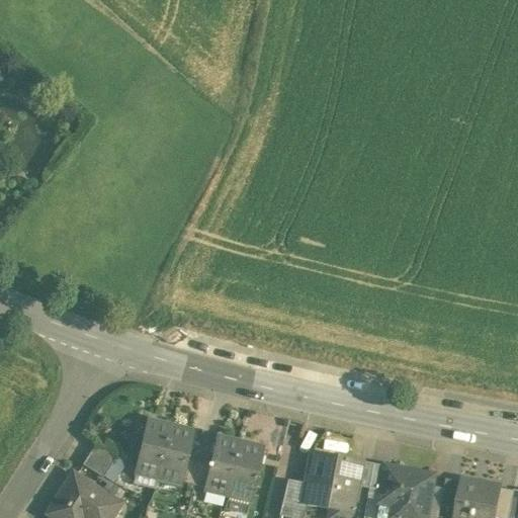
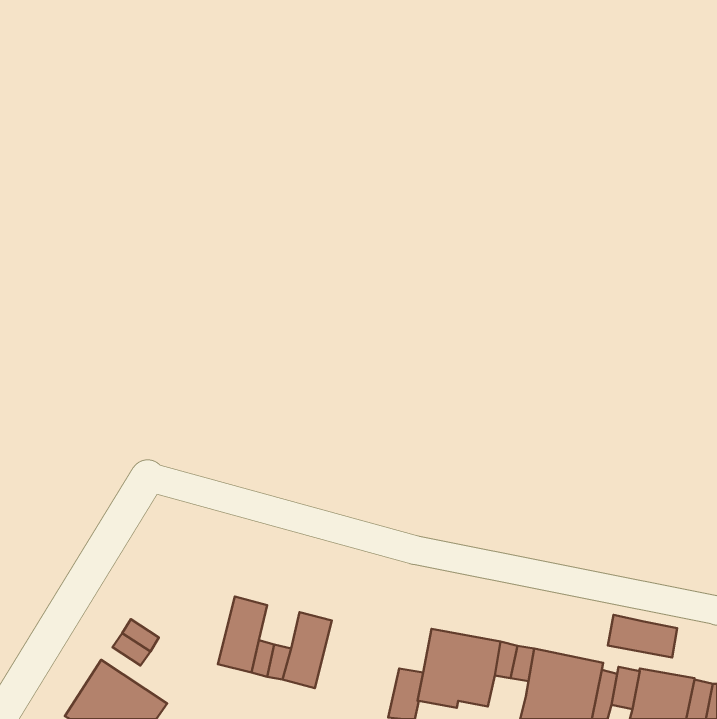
building: [136,424,169,478] -> none
building: none -> [608,615,677,657]
building: [227,446,263,501] -> none

